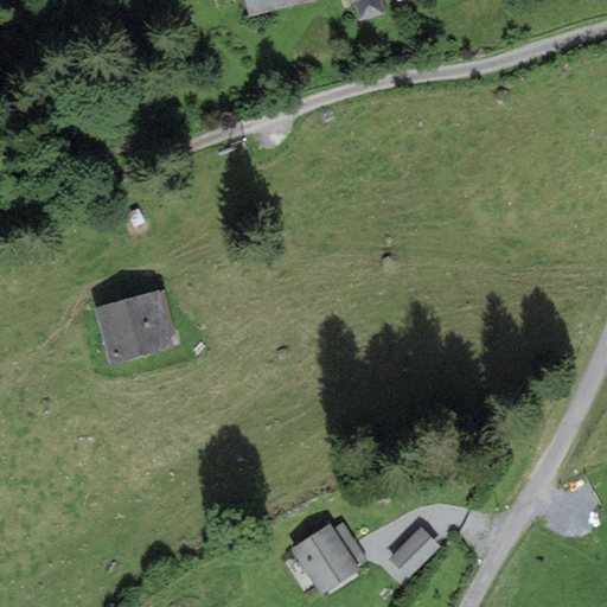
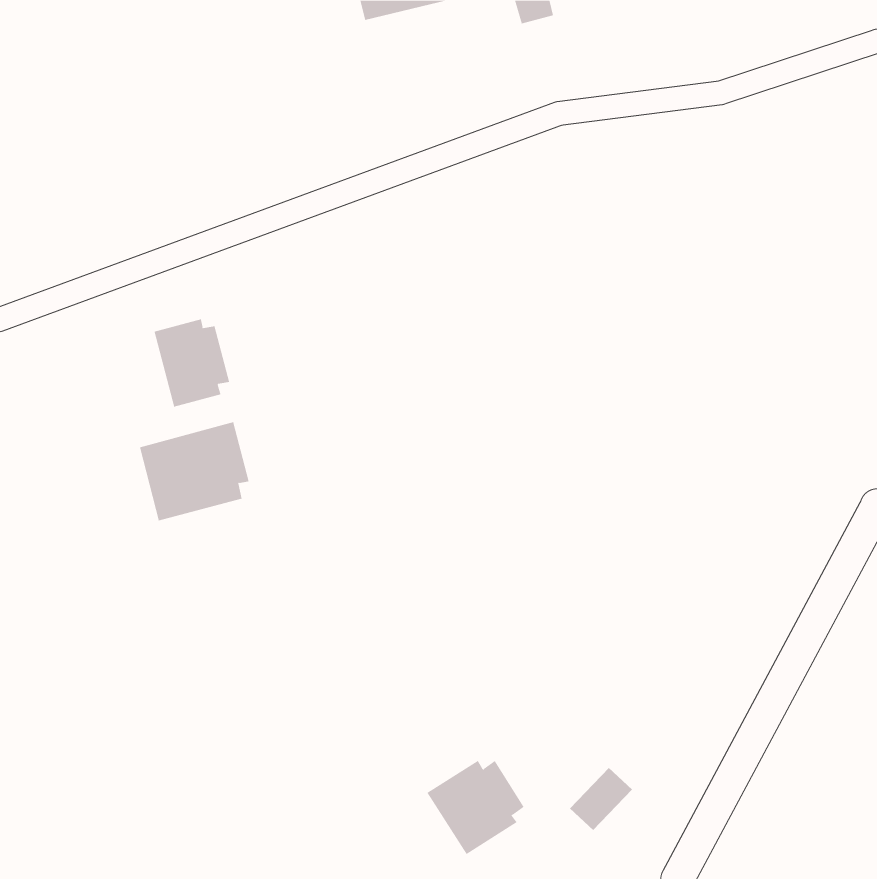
building: none -> [154,319,230,407]

